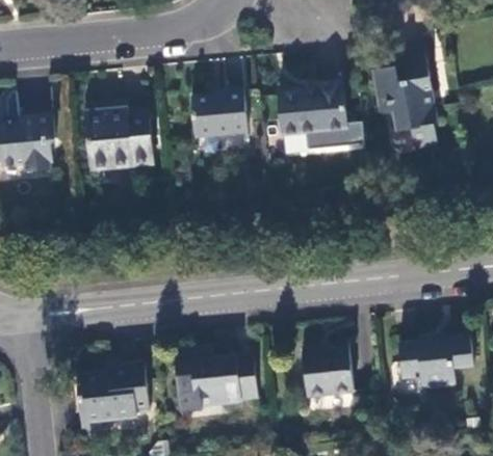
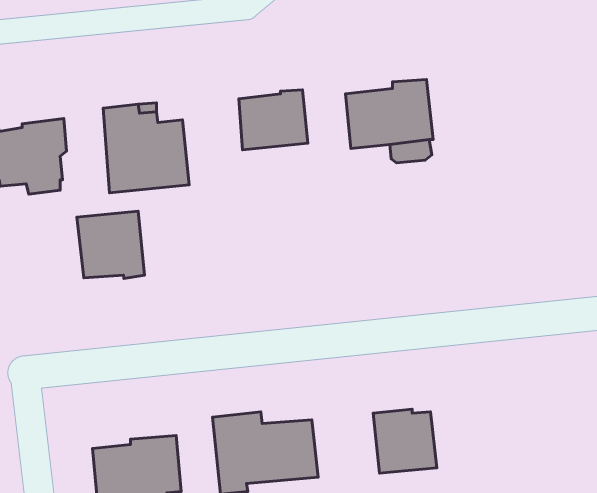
building: [373,51,437,151] -> none
building: none -> [77,211,145,278]
building: [398,334,471,387] -> none

